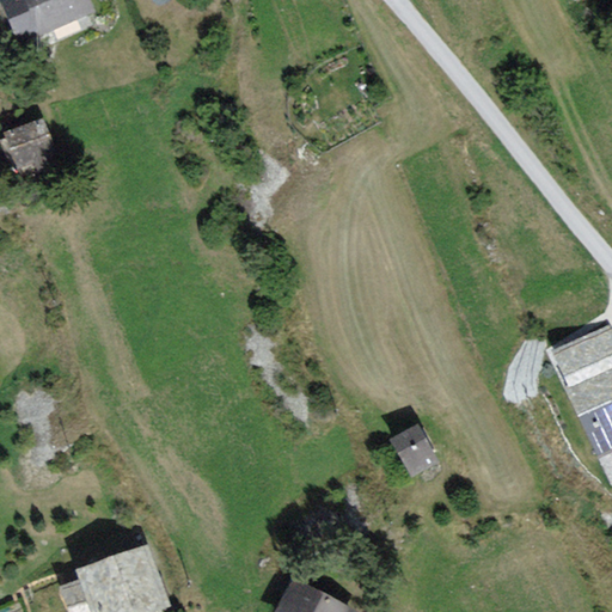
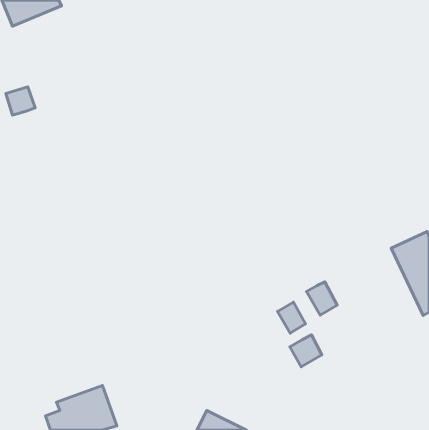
building: none -> [307,282,337,315]
building: none -> [290,335,322,367]

